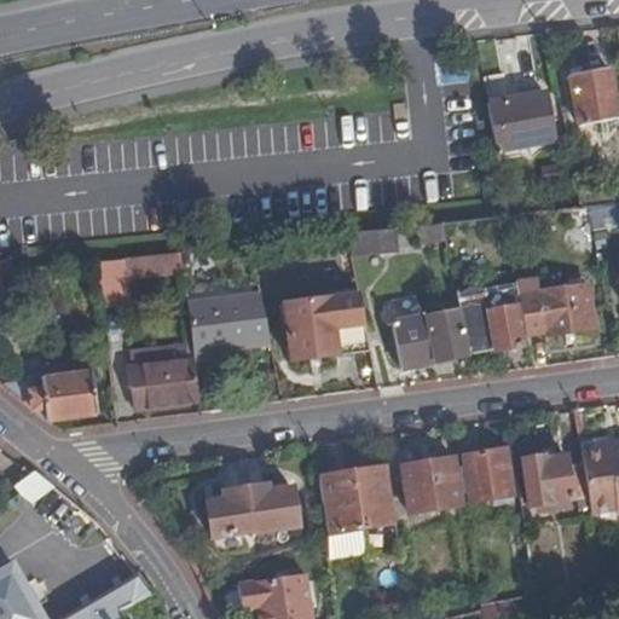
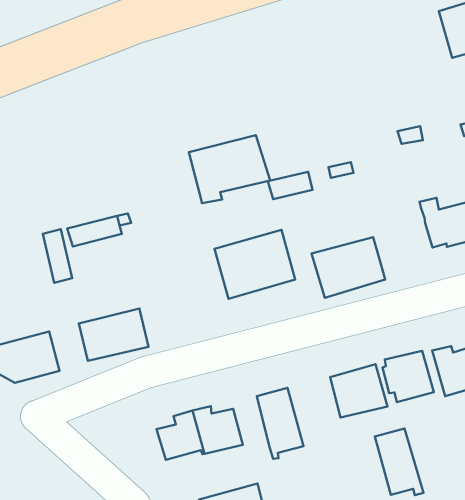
building: [486,93,554,151] -> none
building: [461,287,525,352] -> none
building: [190,294,276,361] -> [189,135,270,203]
building: [349,462,395,537] -> [375,428,423,495]

